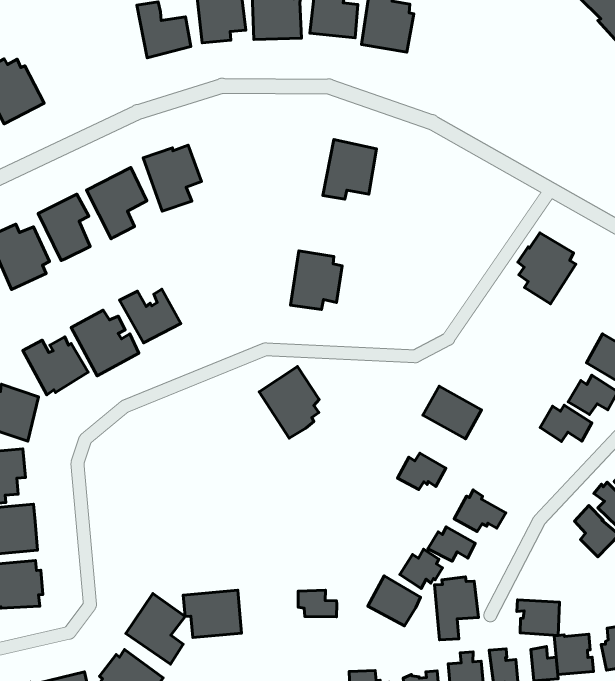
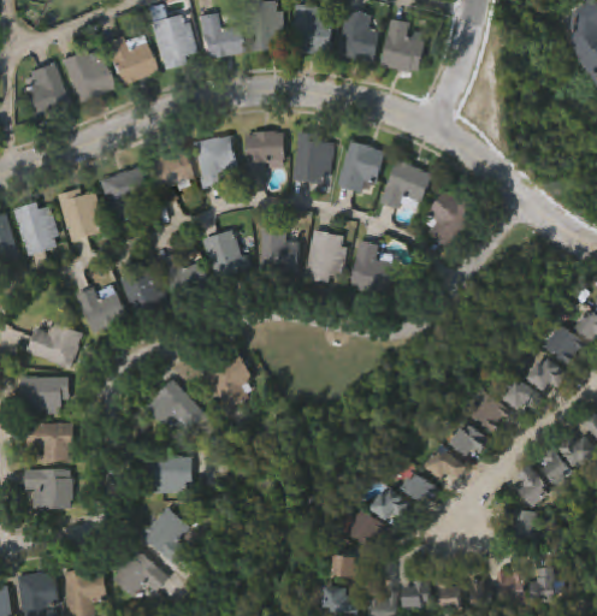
building: none -> [147,14,195,70]
building: none -> [101,34,154,85]
building: none -> [292,132,335,186]
building: none -> [246,131,284,177]
building: none -> [379,160,432,211]
building: [518,233,576,304] -> [425,189,473,249]
building: none -> [260,226,298,274]
building: none -> [350,239,395,292]
building: none -> [202,229,252,278]
building: [259,367,319,438] -> [205,349,254,408]
building: [423,386,482,439] -> [463,386,513,432]
building: none -> [147,378,205,431]
building: [398,453,446,489] -> [449,424,490,454]
building: [434,577,478,640] -> none
building: [183,590,242,638] -> [146,456,191,492]
building: [298,590,337,617] -> [331,553,363,578]
building: [517,600,559,635] -> [504,508,540,540]

